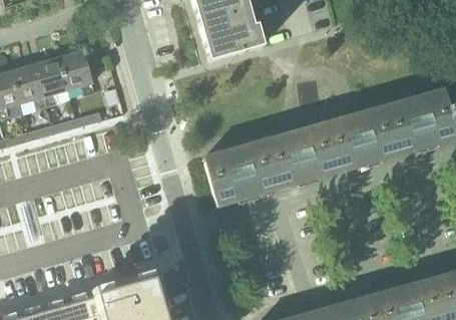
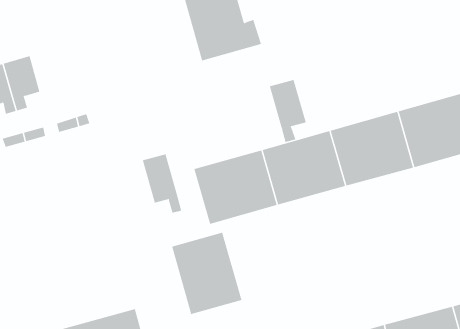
building: [61,49,97,94] -> none
building: none -> [269,79,306,143]
building: none -> [142,154,182,214]
building: none -> [171,232,242,315]

